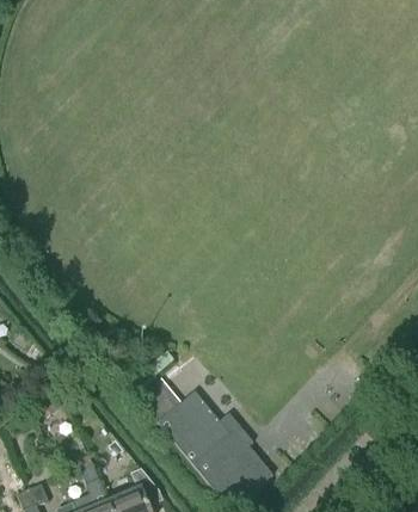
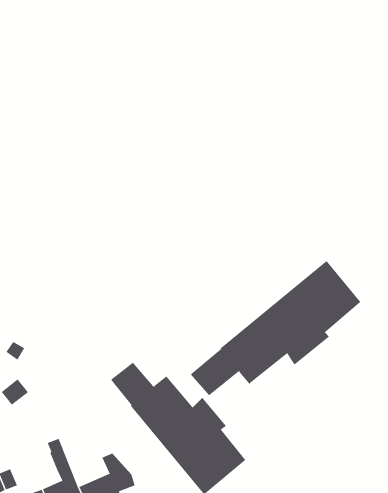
building: none -> [190,260,361,396]

